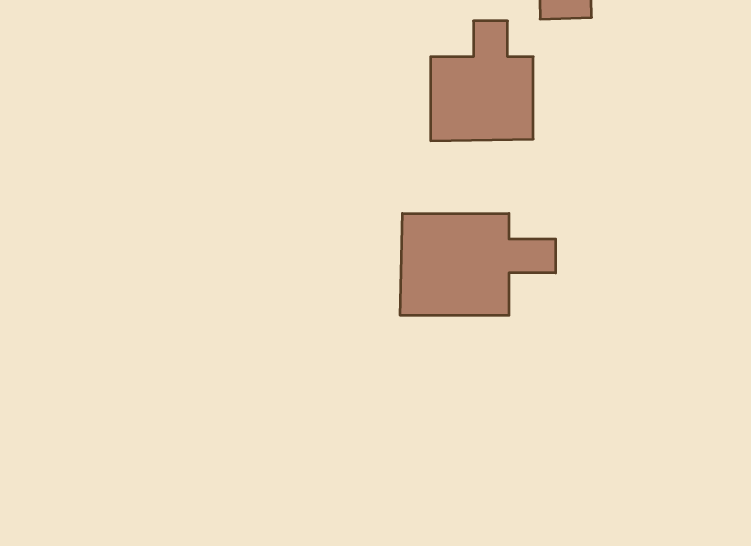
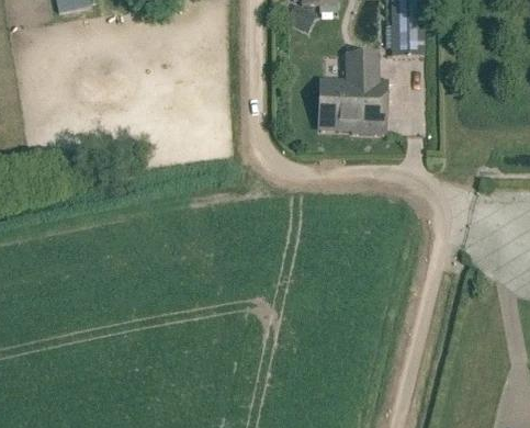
building: [400,213,556,315] -> none

